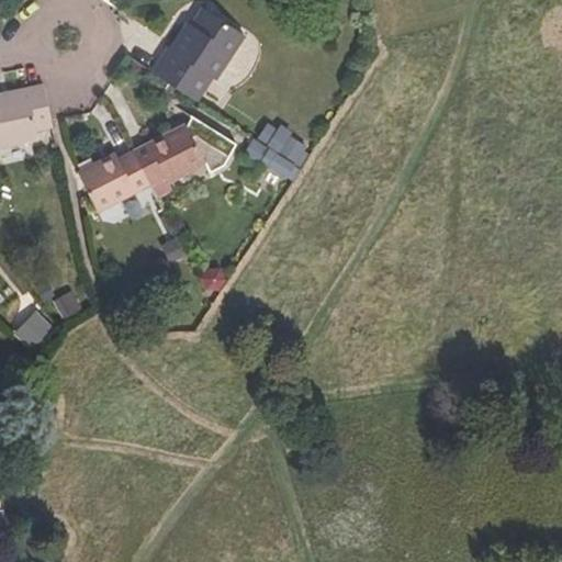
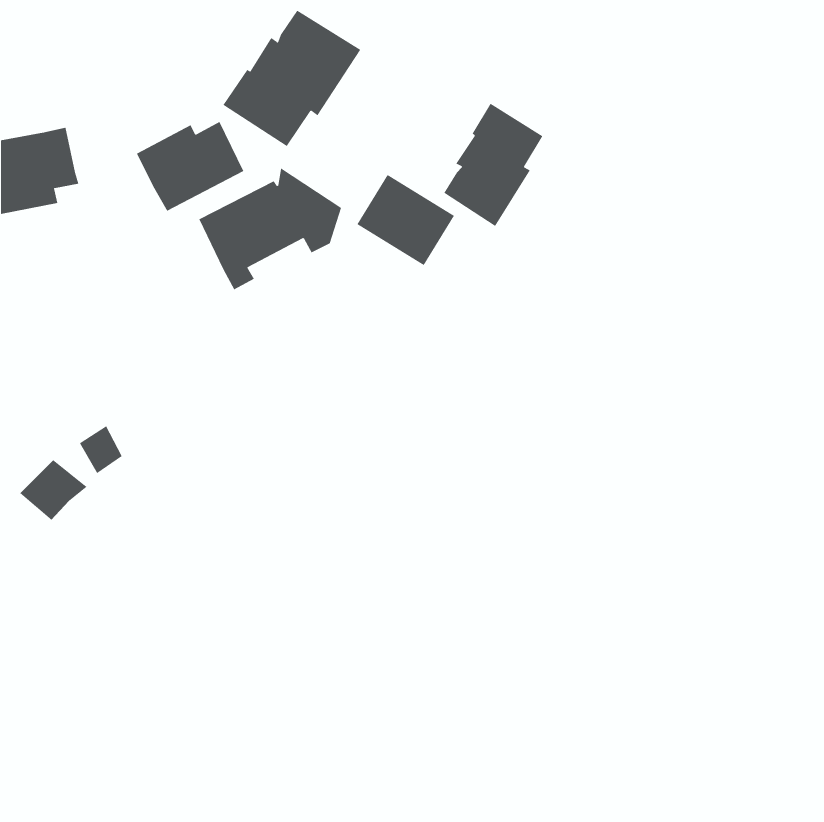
building: none -> [444,103,543,227]
building: [78,149,151,211] -> [136,121,244,211]

